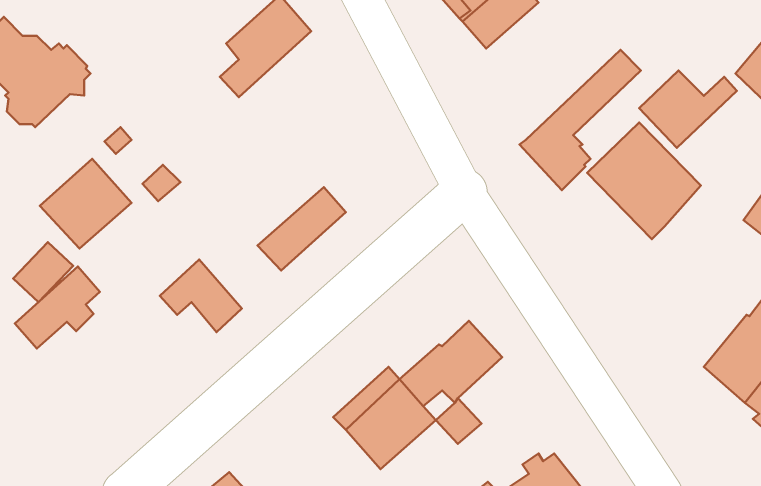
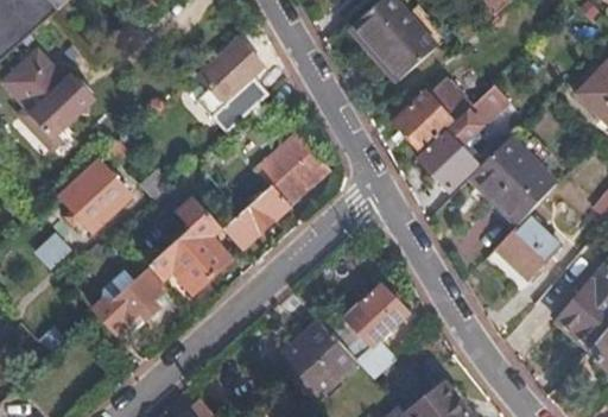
building: none -> [208,67,268,133]
building: [639,71,737,148] -> [395,90,469,149]
building: none -> [256,131,330,203]
building: none -> [178,211,229,276]
building: none -> [498,214,563,278]
building: [15,267,100,349] -> [99,270,163,331]

